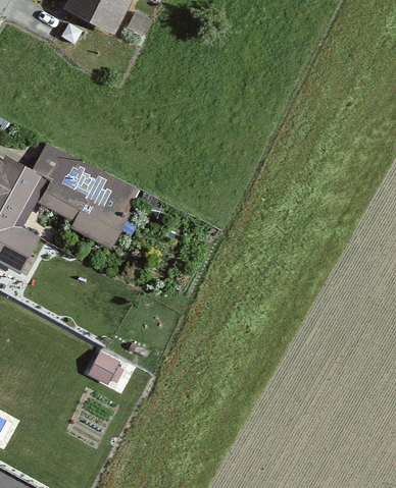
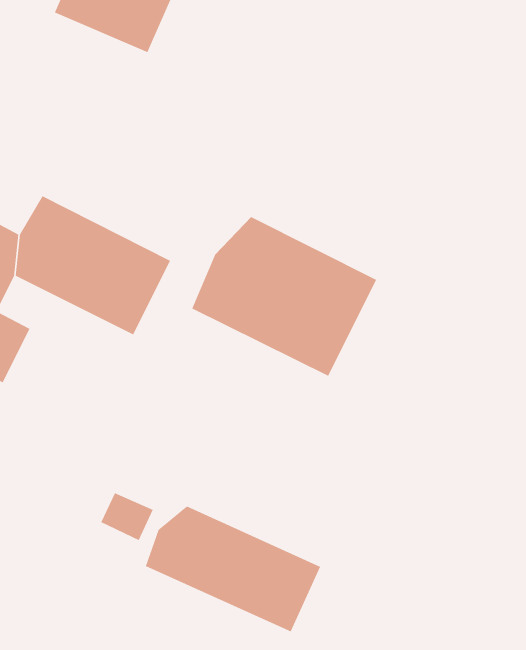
building: none -> [191,216,377,377]
building: none -> [145,505,321,632]

